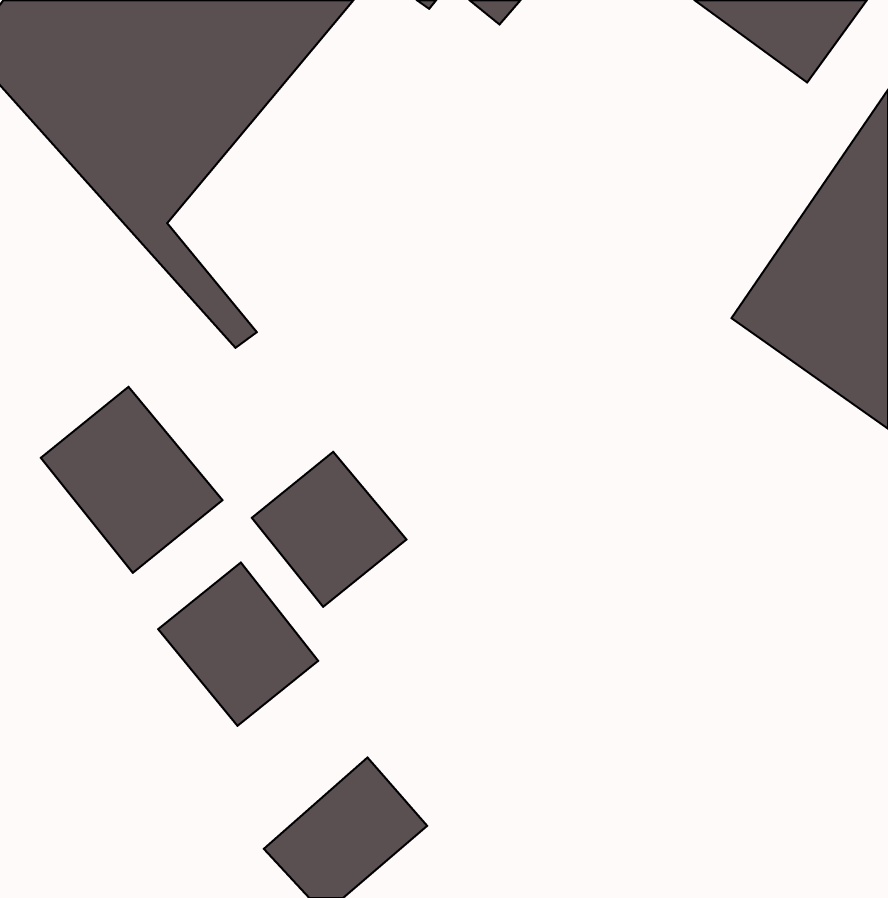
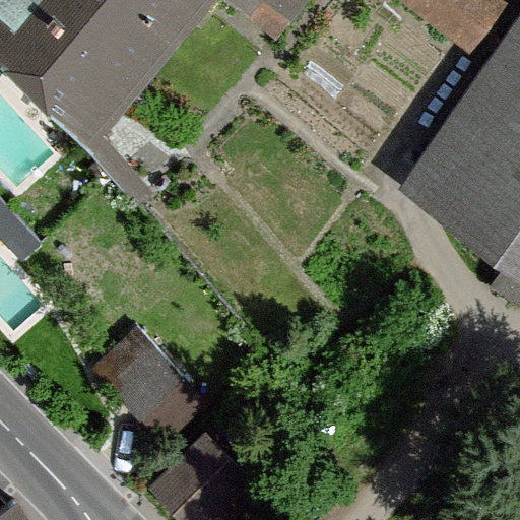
building: [41,387,223,573] -> none
building: [252,452,406,607] -> none

